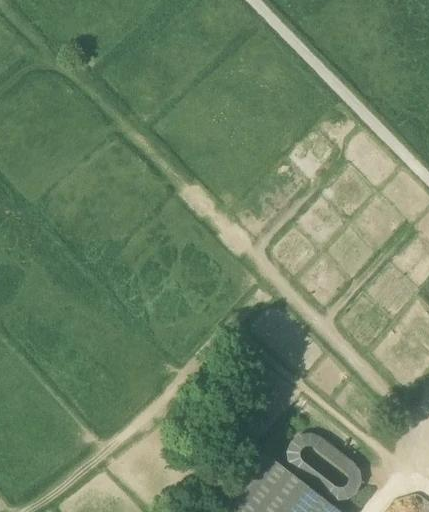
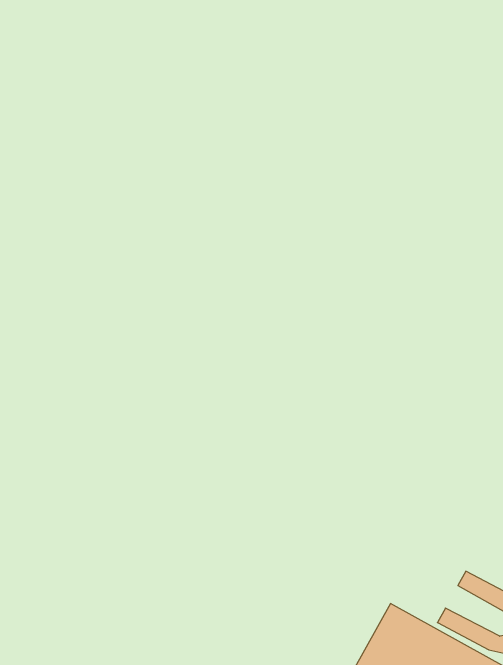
building: [297,439,329,475] -> none

